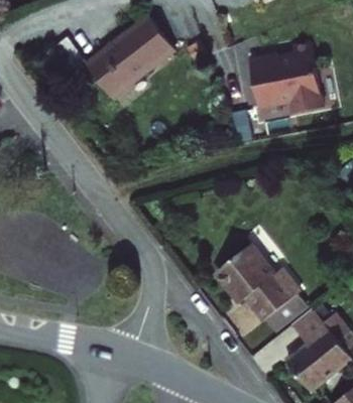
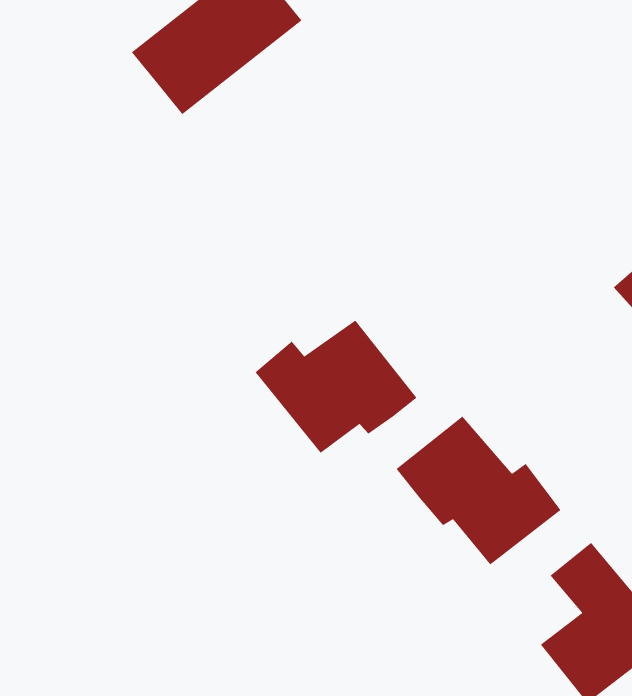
building: [247,41,321,112] -> none
building: none -> [255,320,418,454]

